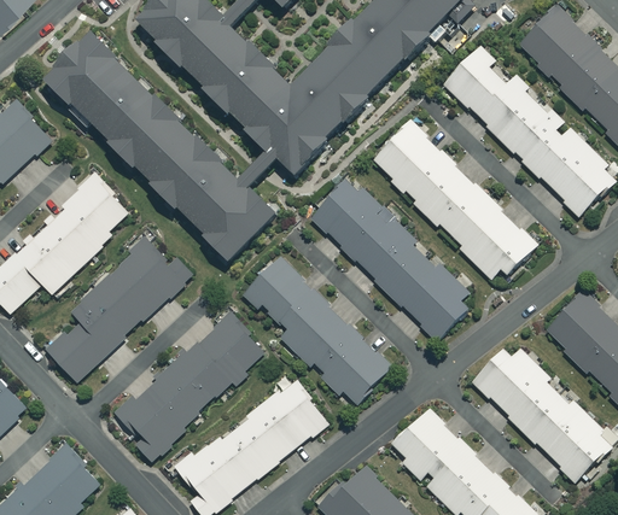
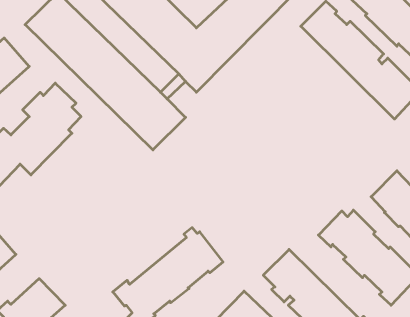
building: [372,121,536,279] -> none
building: [309,179,468,341] -> none
building: [46,238,192,382] -> none
building: [239,252,391,405] -> none
building: [115,312,264,461] -> none

